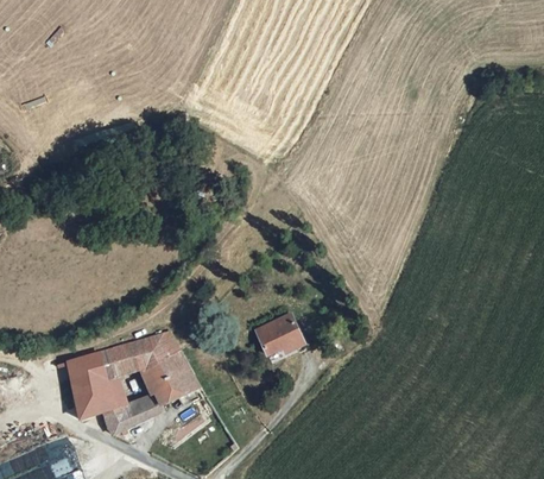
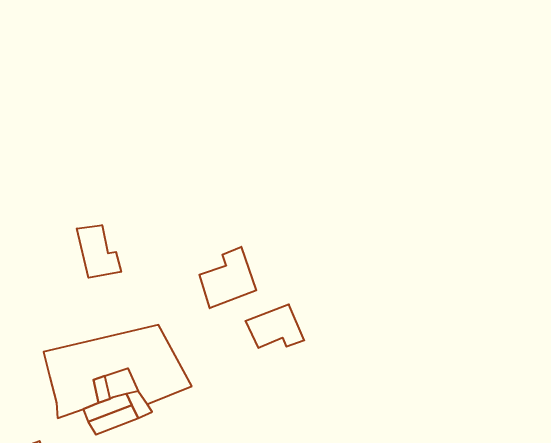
building: none -> [77,225,121,278]
building: none -> [199,247,256,308]

